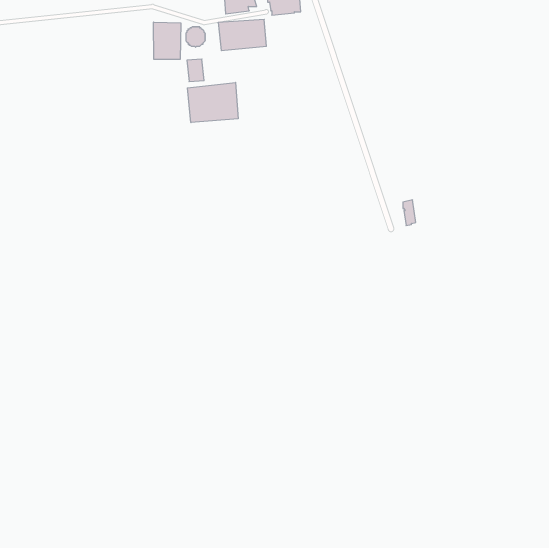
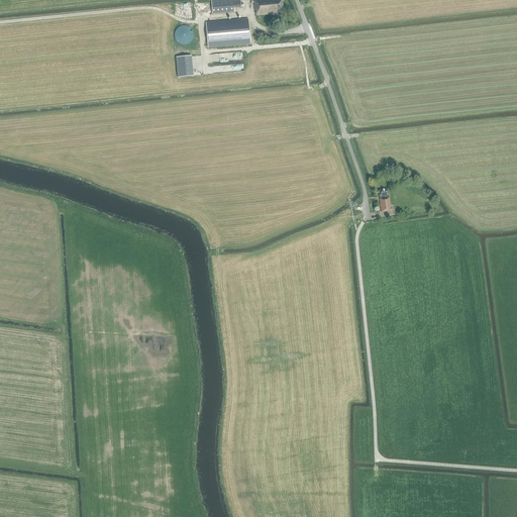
building: [154,22,181,59] -> none
building: [187,82,238,123] -> none

